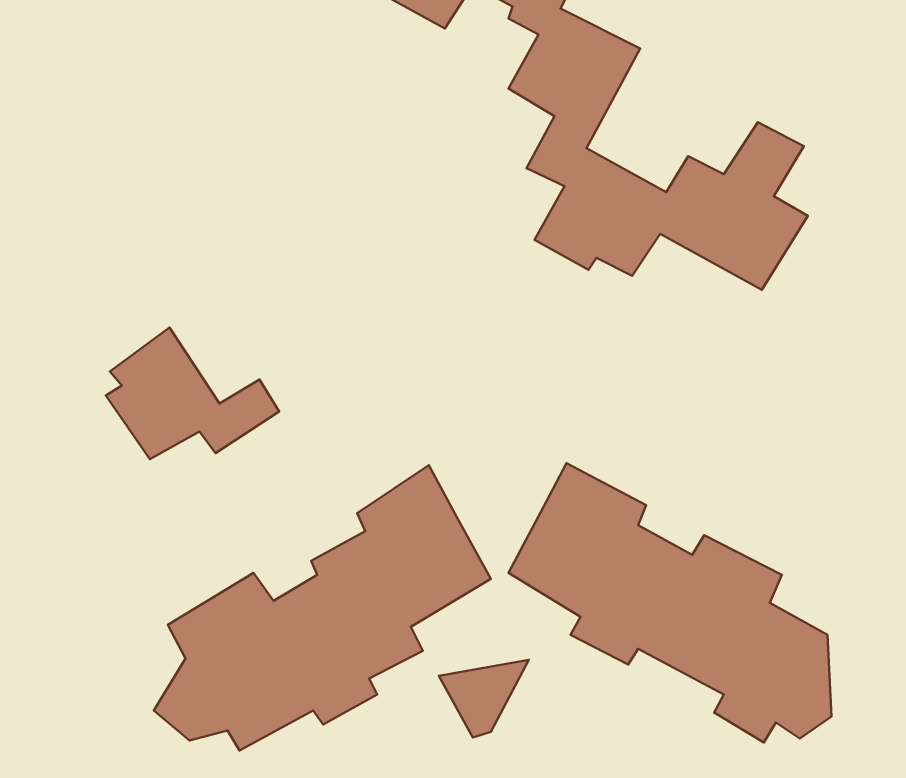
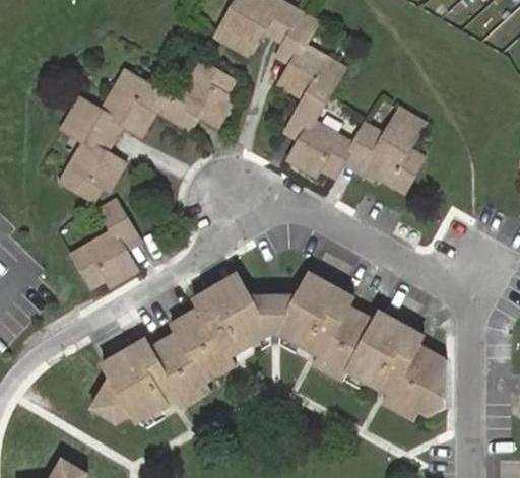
building: none -> [57,64,234,209]
building: [439,660,529,738] -> [250,294,296,334]

